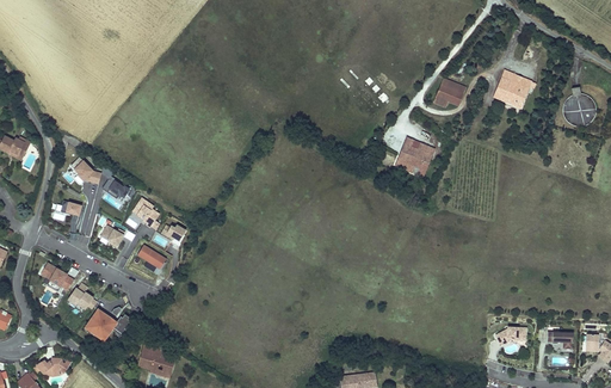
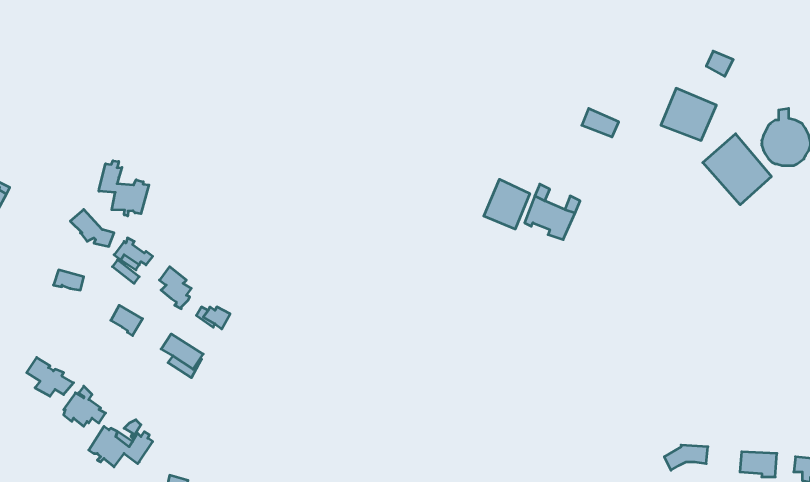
building: none -> [703,134,771,205]
building: none -> [99,161,149,216]
building: none -> [484,179,530,229]

